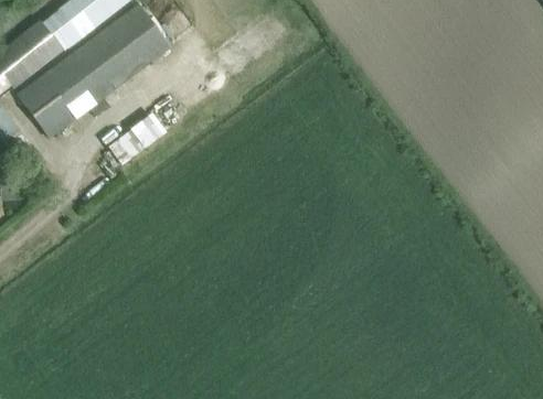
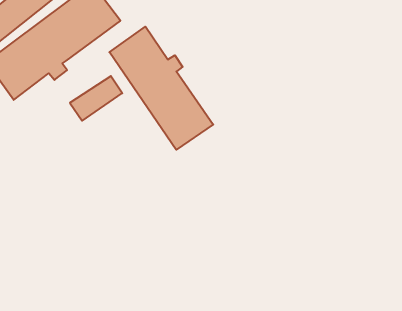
building: none -> [109,27,213,150]

